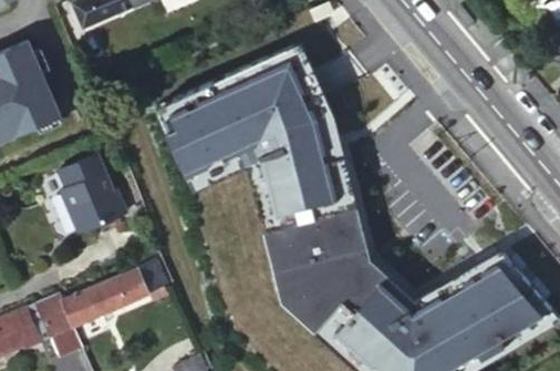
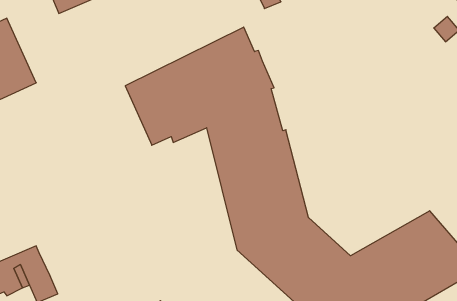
building: [51,150,120,228] -> none
building: [61,262,164,329] -> none

